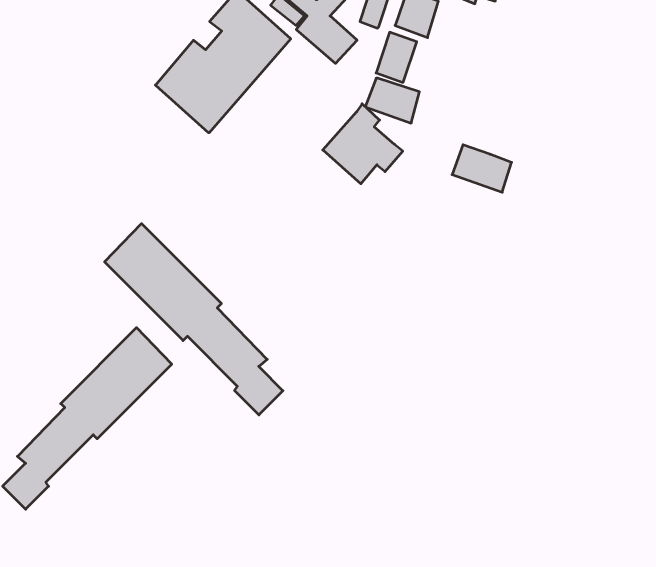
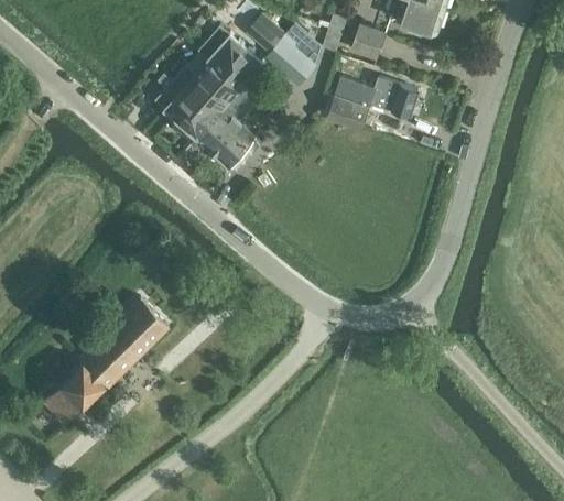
building: [323,104,403,184] -> [199,102,264,167]
building: [452,145,512,192] -> [369,78,417,117]
building: [105,224,283,415] -> none

